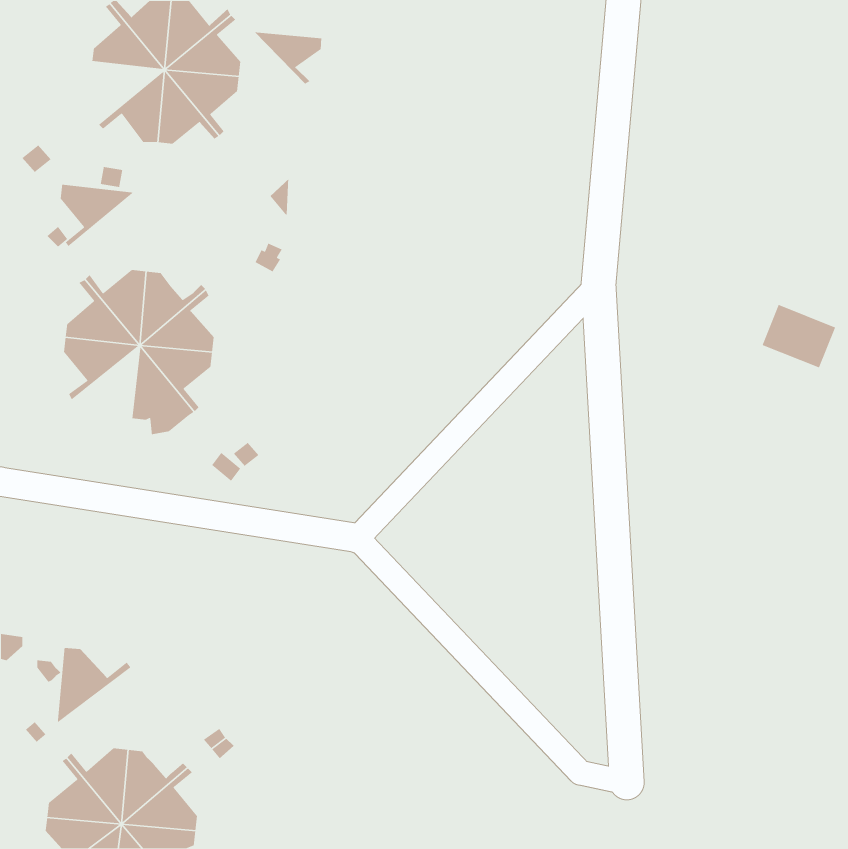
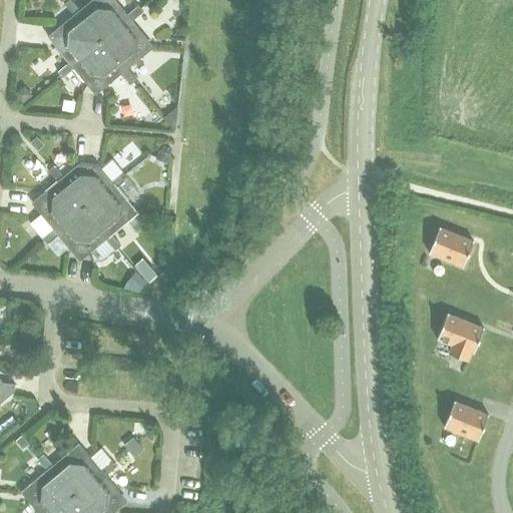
building: [253,32,322,85] -> none
building: [60,184,135,247] -> [55,37,100,75]
building: [761,304,836,369] -> [427,227,472,267]
building: none -> [44,208,85,252]
building: none -> [436,315,483,359]
building: [57,647,132,724] -> none
building: none -> [443,401,488,441]

